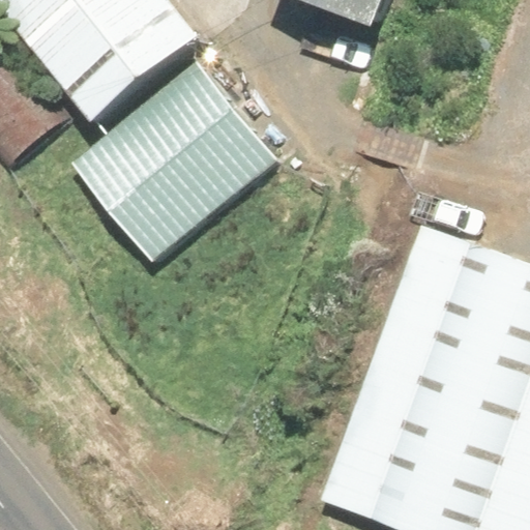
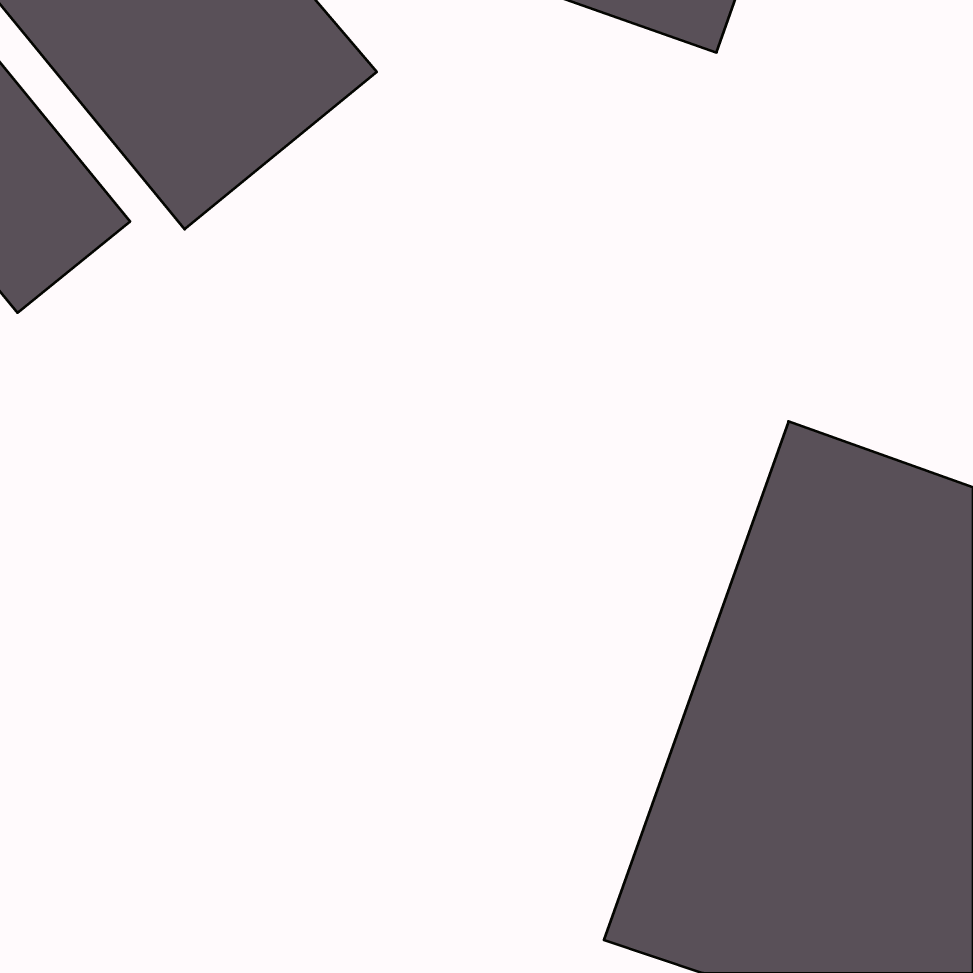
building: [73,69,271,261] -> none

